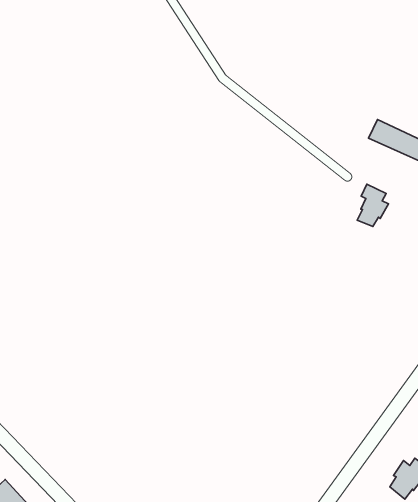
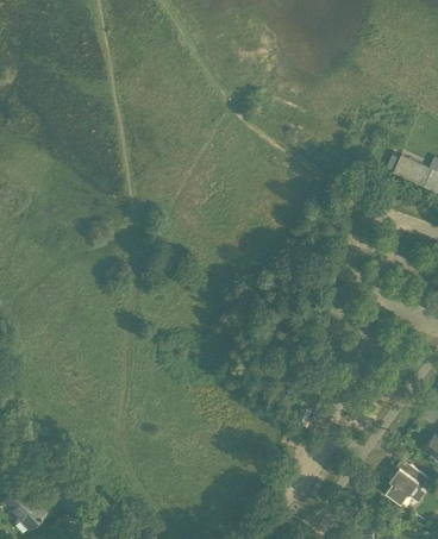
building: [357,184,388,227] -> none

